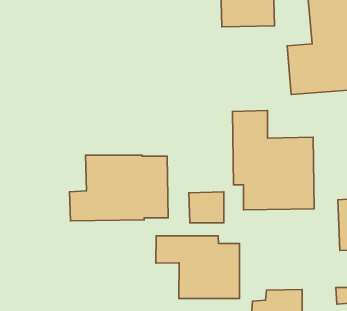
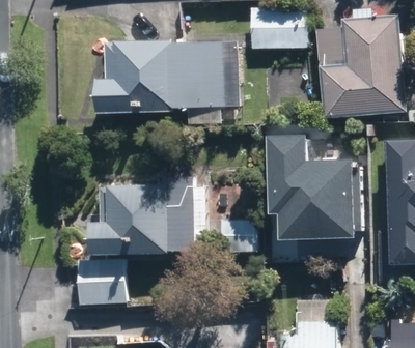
building: none -> [100,40,224,115]
building: none -> [79,256,126,303]
building: [156,236,239,299] -> none

